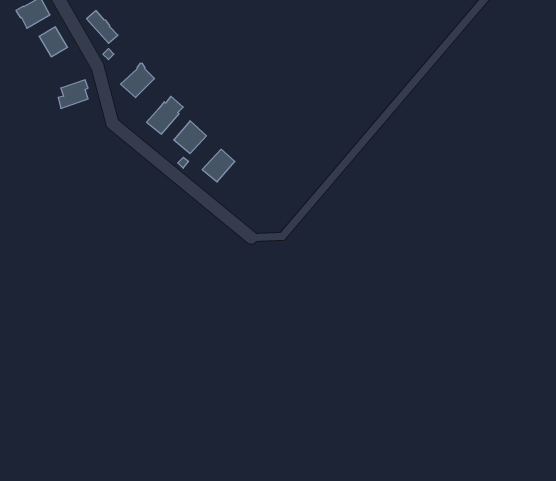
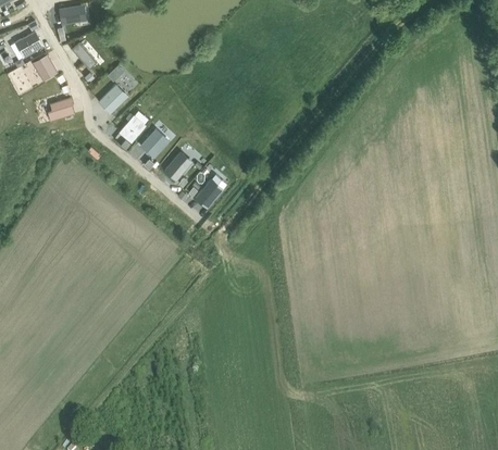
building: none -> [195,174,226,208]

